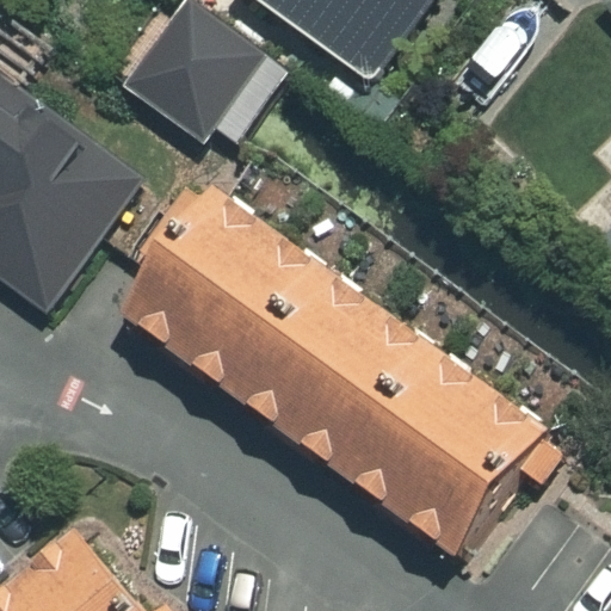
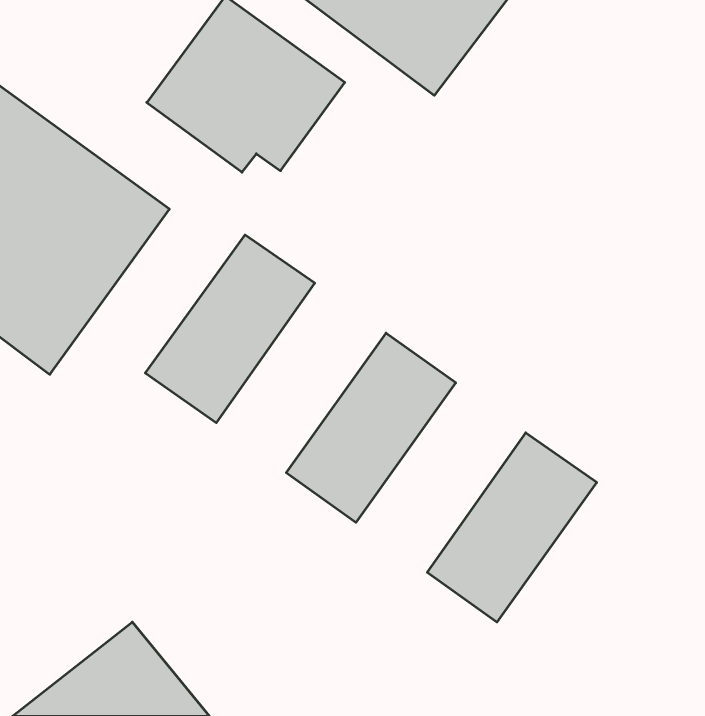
building: [181,237,323,396] -> none
building: [298,321,440,480] -> none
building: [416,405,558,563] -> none

